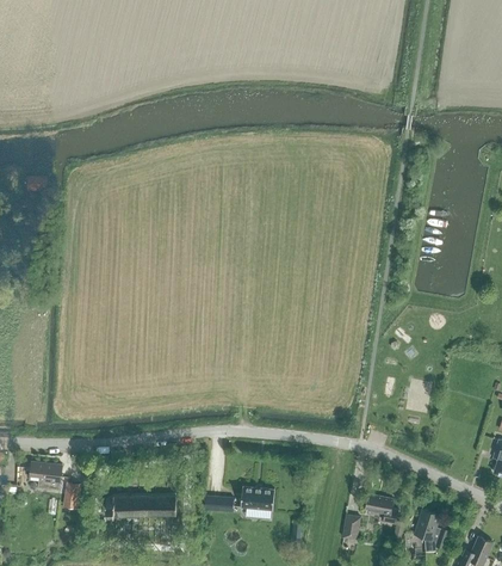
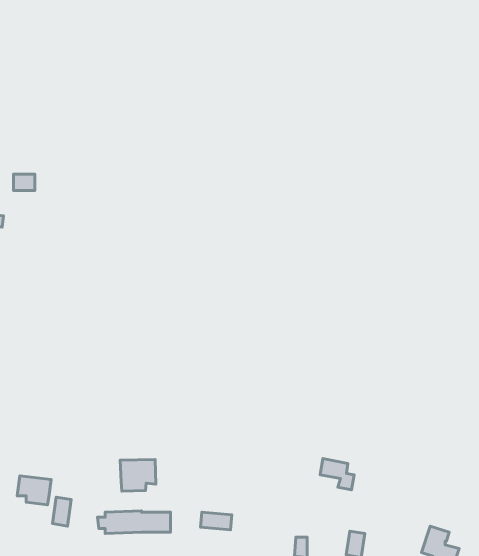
building: none -> [120,459,156,491]
building: [237,486,272,510] -> none
building: [366,494,398,524] -> [320,458,354,490]

